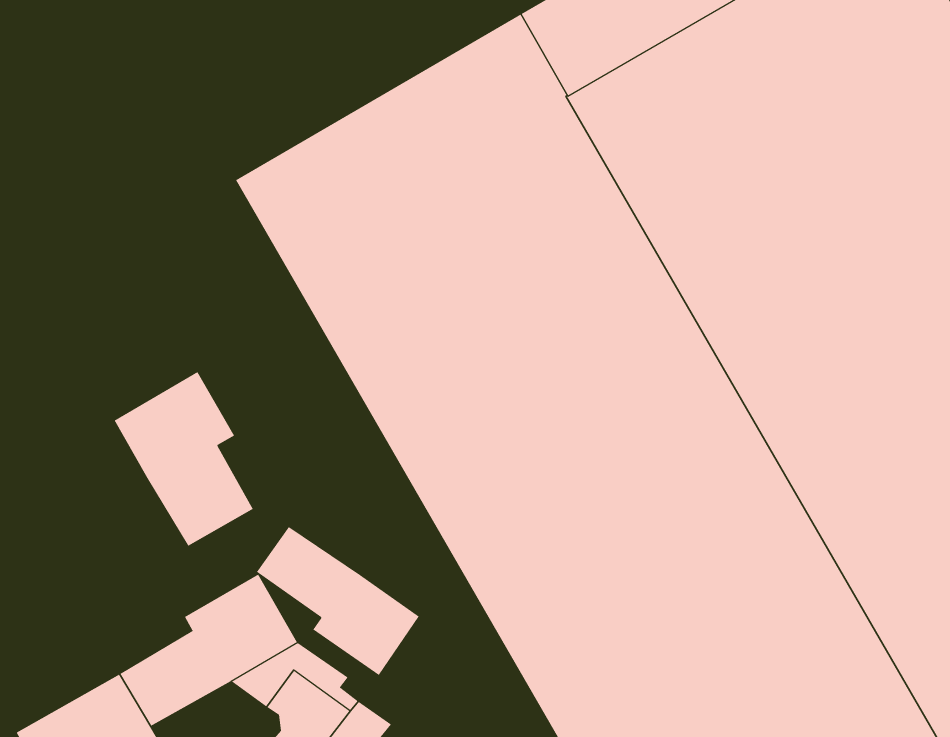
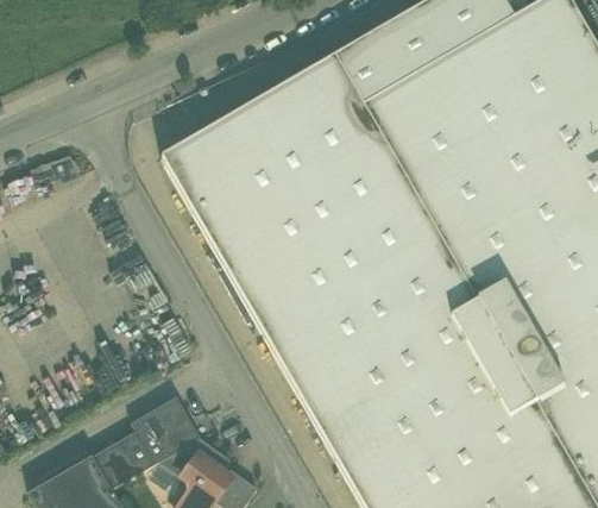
building: [114,371,254,546] -> none
building: [256,526,420,676] -> none

